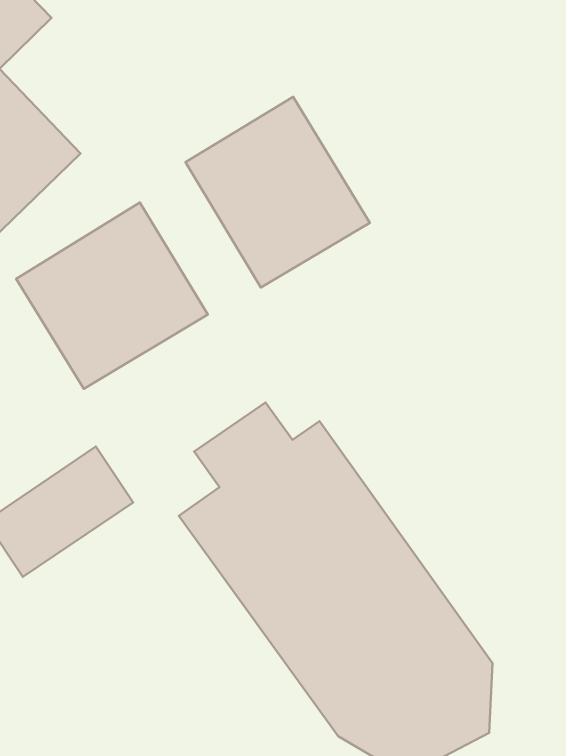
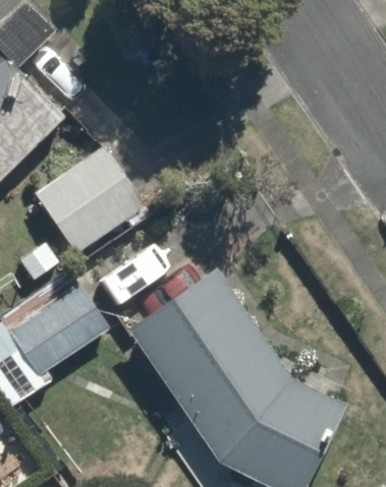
building: [186,97,370,287] -> none

